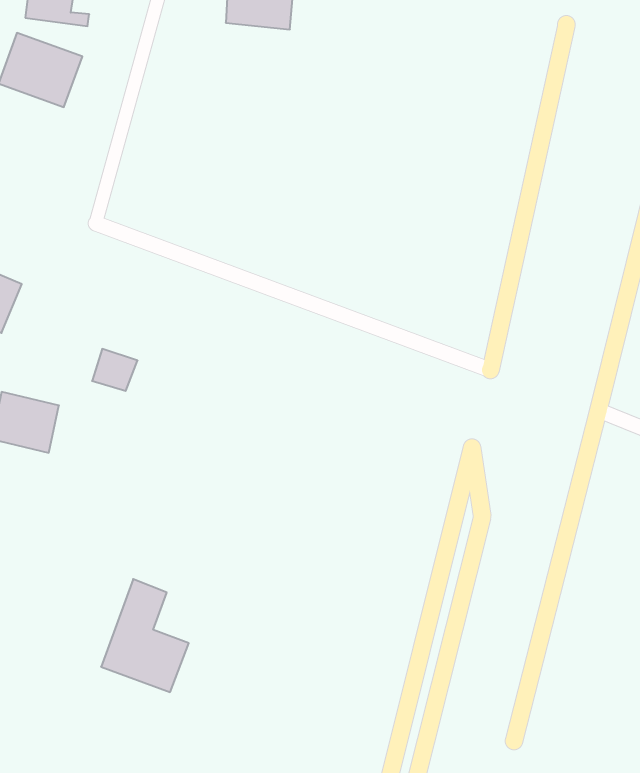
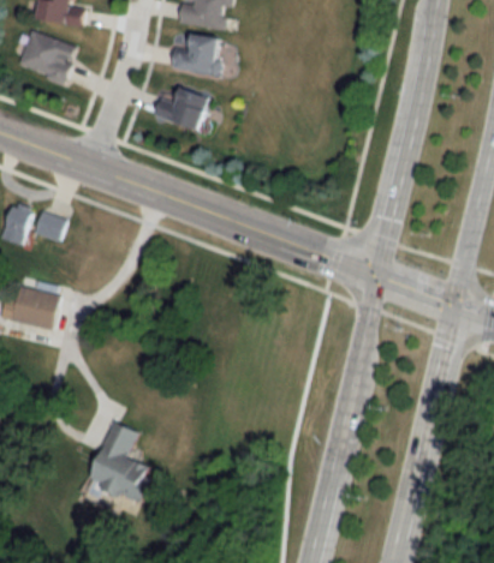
building: none -> [169,32,221,74]
building: none -> [154,89,209,130]
building: [92,349,138,391] -> [32,209,65,239]

